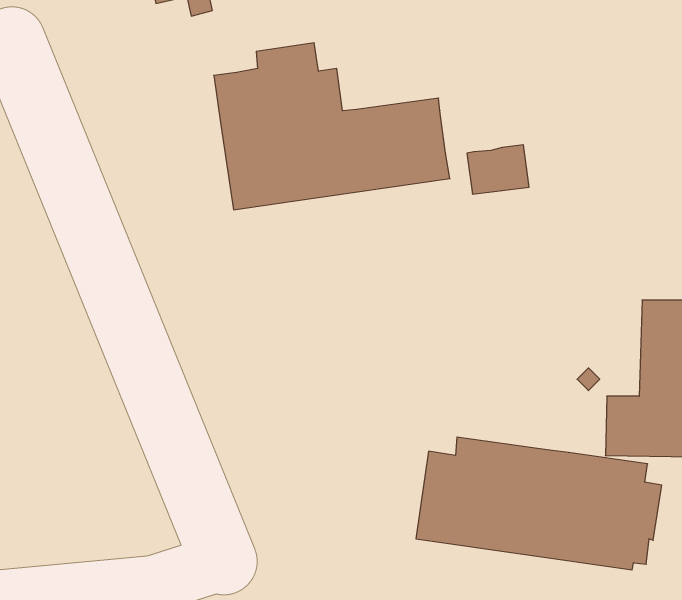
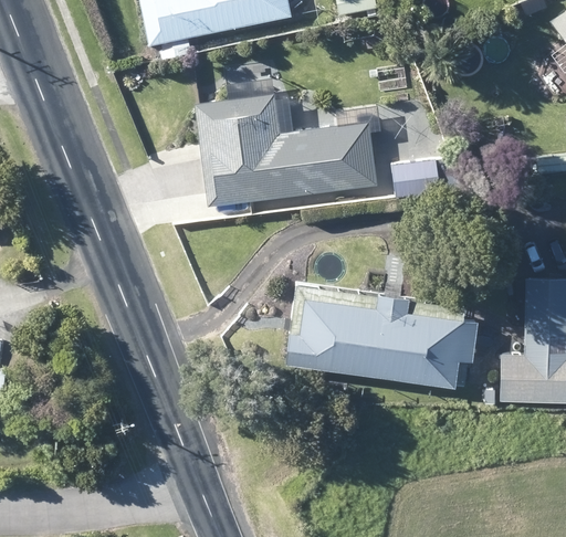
building: [416,437,662,570] -> [284,285,476,389]

